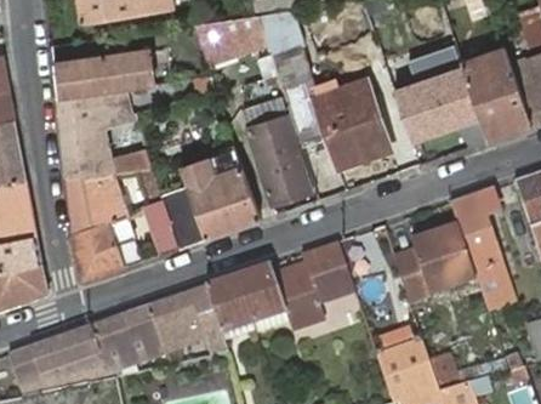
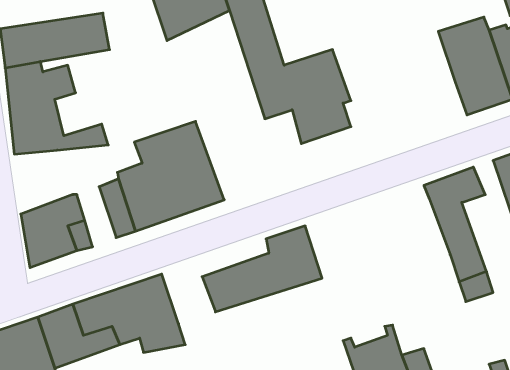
building: [404,42,478,138] -> none
building: [251,114,309,201] -> none
building: [68,172,123,232] -> none
building: [389,217,473,292] -> none
building: [205,277,255,334] -> none

